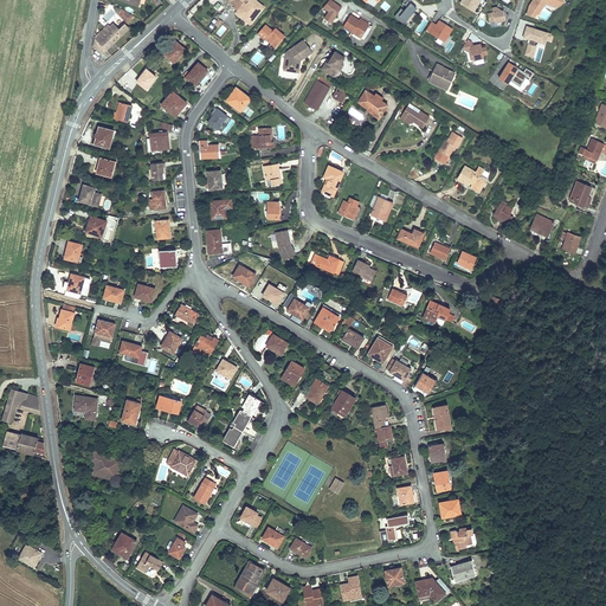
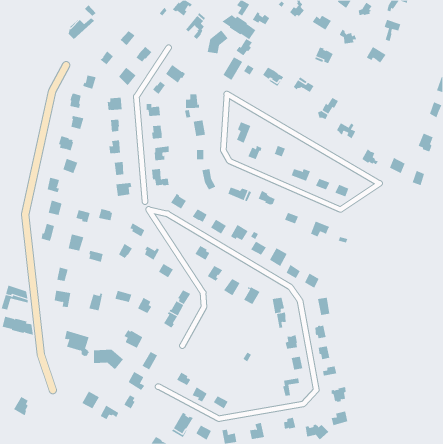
building: none -> [221,14,256,40]
building: none -> [94,349,124,370]

